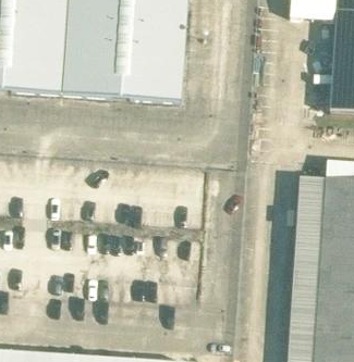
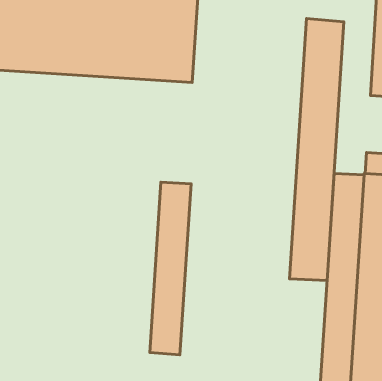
building: none -> [289,19,344,281]
building: none -> [150,182,191,355]

